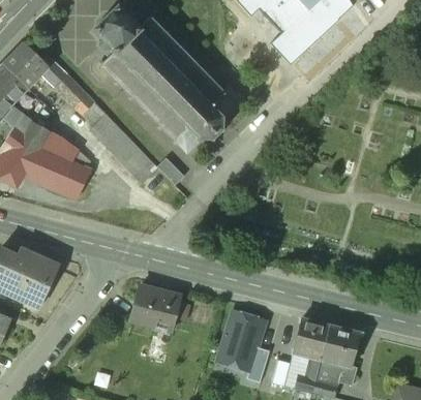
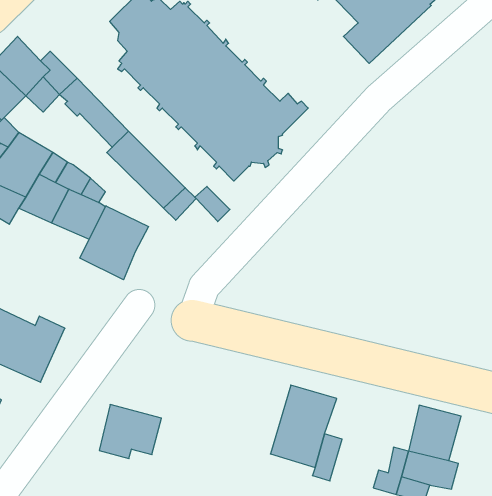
building: none -> [80,206,149,280]
building: [131,285,179,327] -> [99,405,161,459]
building: [293,318,329,360] -> none

